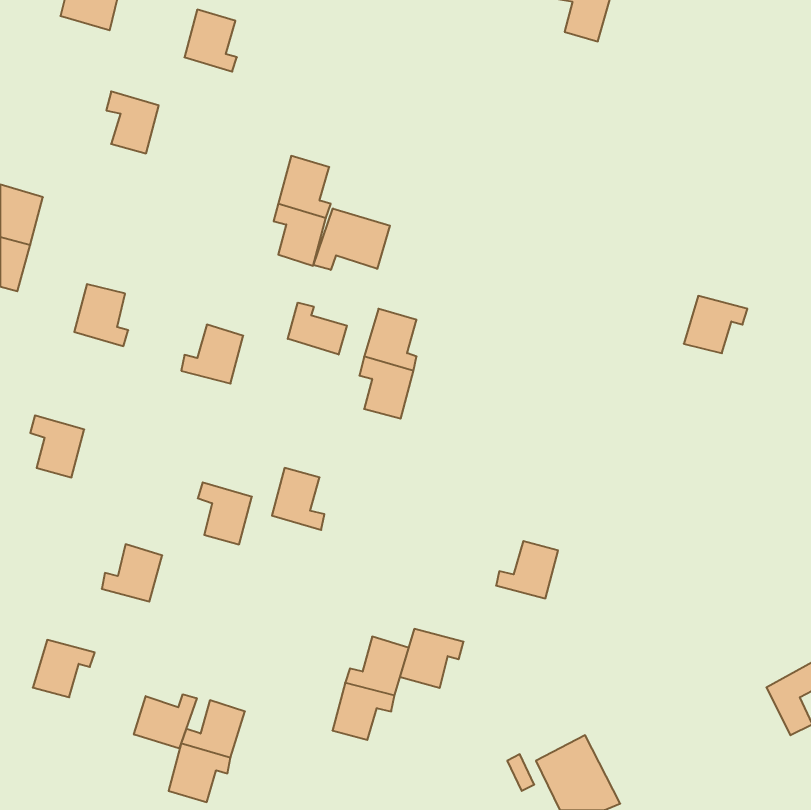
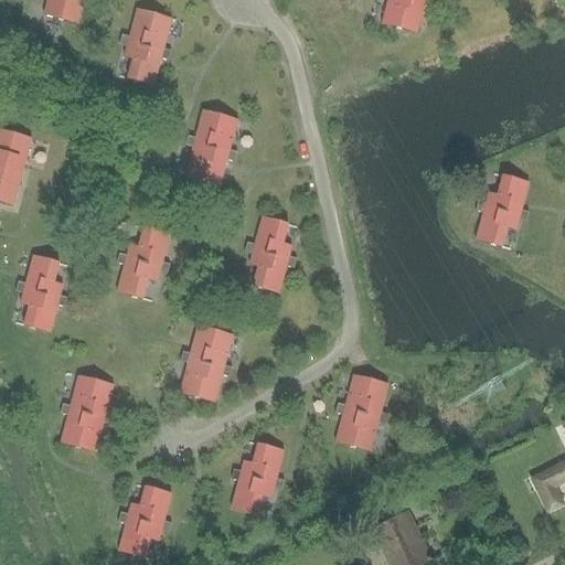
building: [106,91,159,153] -> [126,40,162,83]
building: [313,208,390,270] -> none
building: none -> [486,174,529,214]
building: [74,284,128,346] -> [25,255,63,298]
building: [288,303,347,355] -> none
building: none -> [117,257,161,297]
building: [198,482,252,544] -> [186,358,224,401]
building: [400,629,464,688] -> [335,406,380,447]
building: [33,640,95,697] -> [62,408,105,448]
building: [134,694,197,749] -> none

